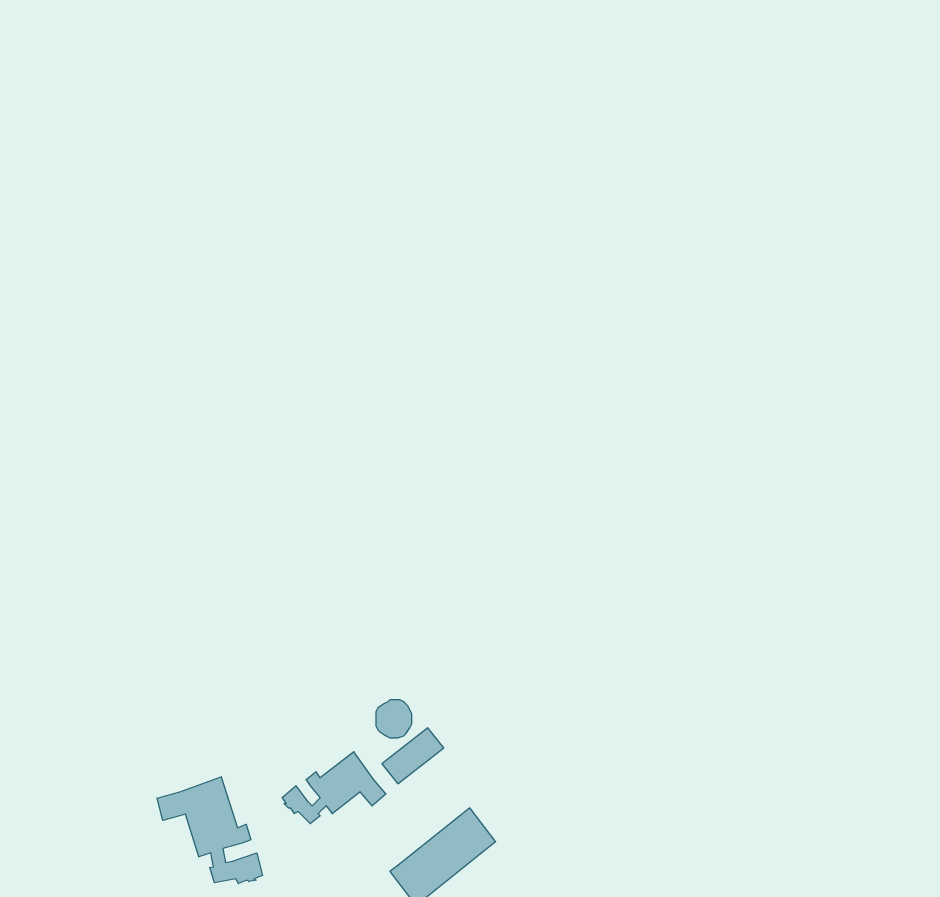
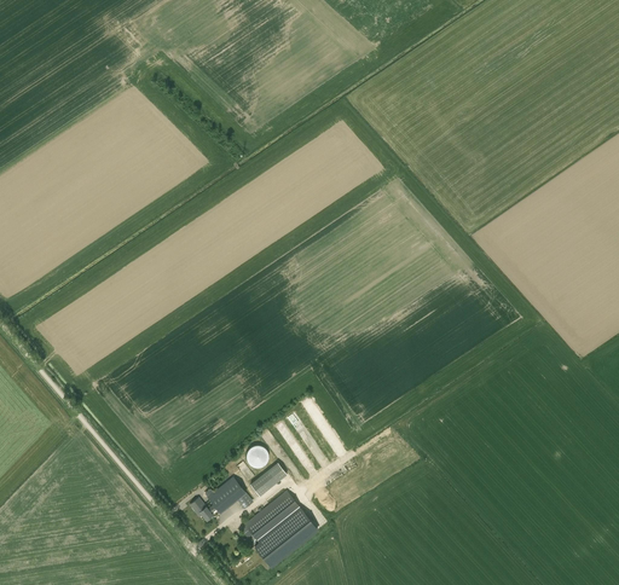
building: none -> [239,490,303,545]
building: [157,777,263,884] -> none

